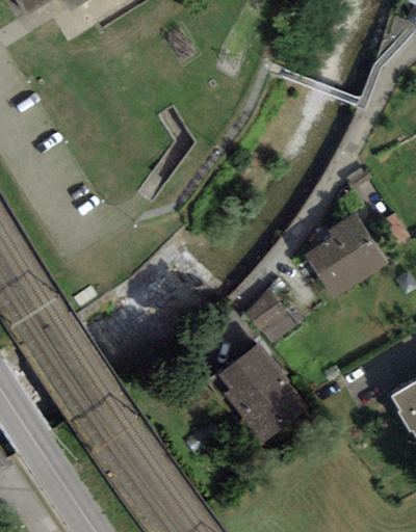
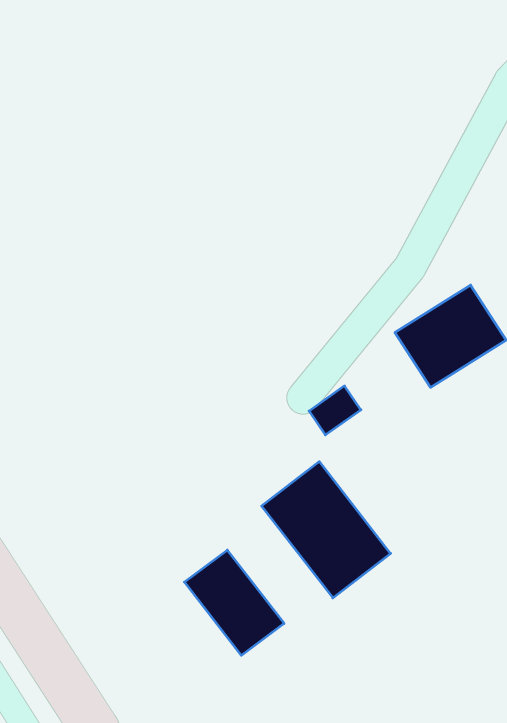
building: none -> [184,550,284,655]

